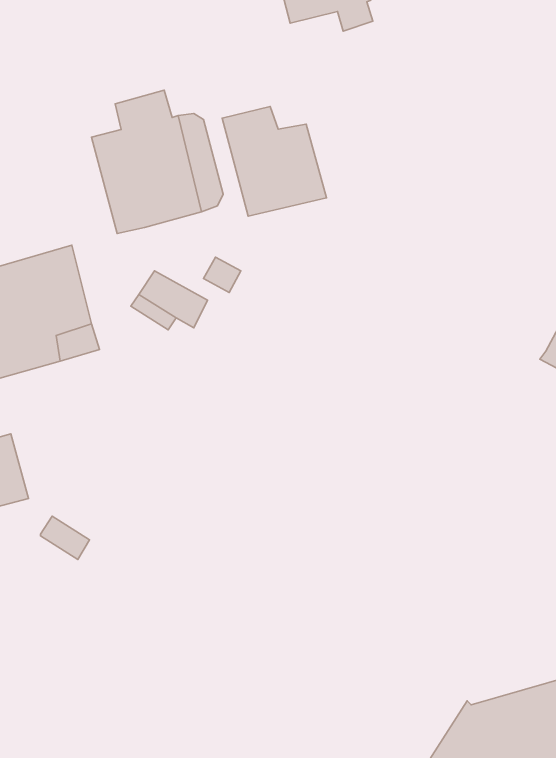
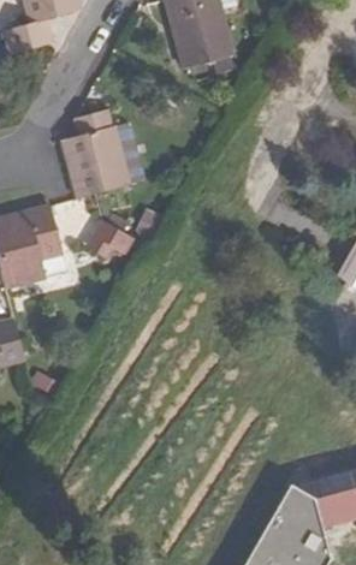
building: [222,106,326,216] -> none

